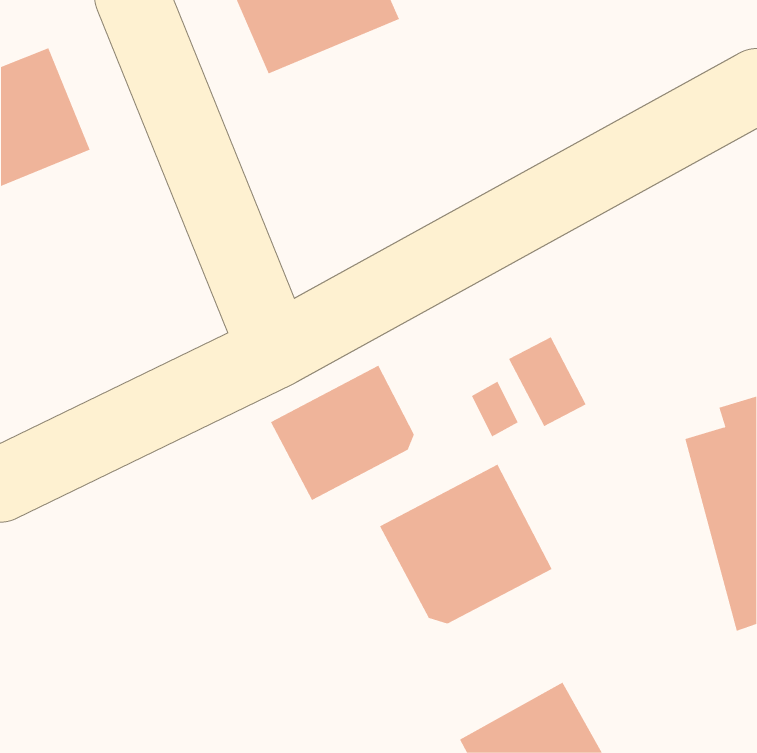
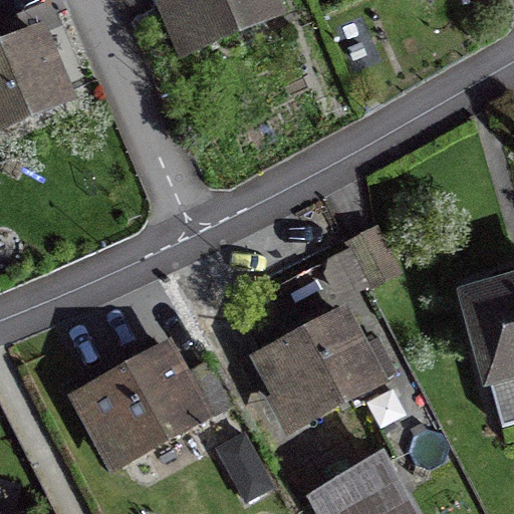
building: [270,365,415,501] -> none
building: none -> [73,347,226,460]

